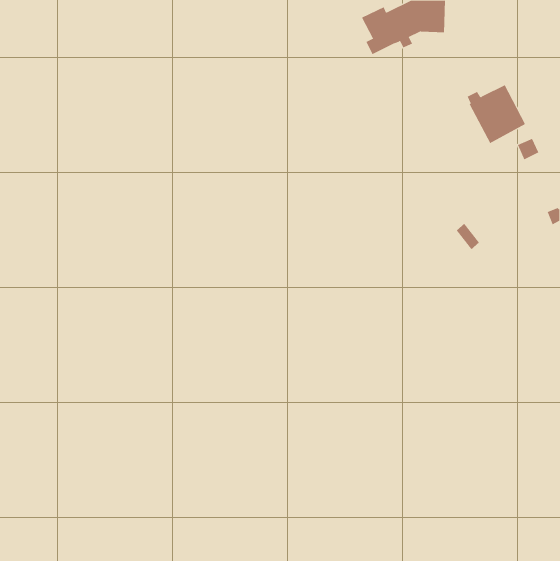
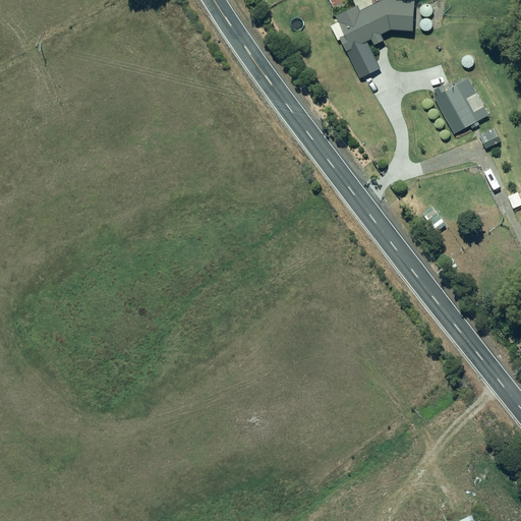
building: none -> [345,41,379,77]

